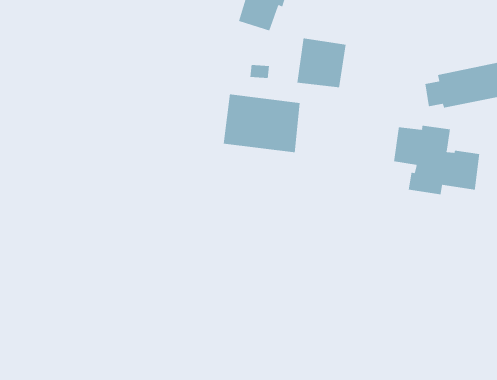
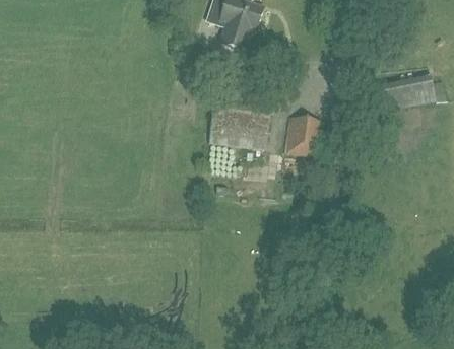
building: [297,38,346,88] -> [284,116,324,155]
building: [394,125,480,195] -> none

